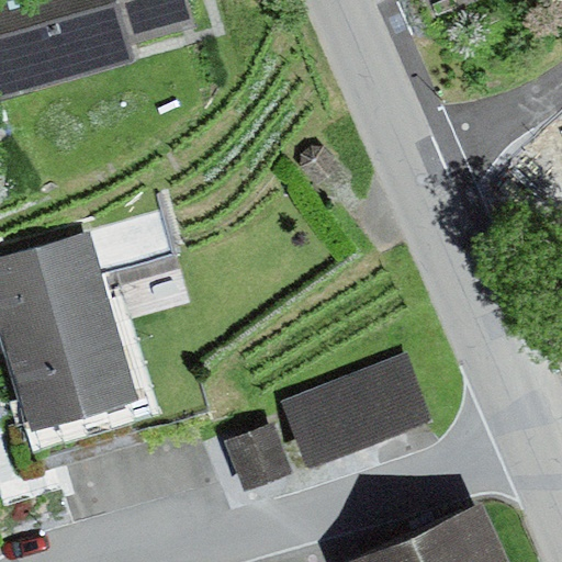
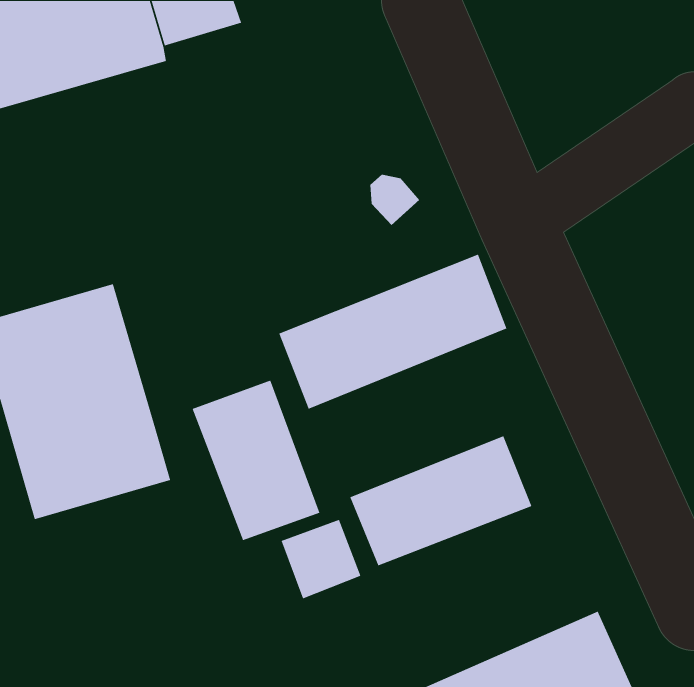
building: none -> [278,253,507,410]
building: none -> [192,379,320,541]

